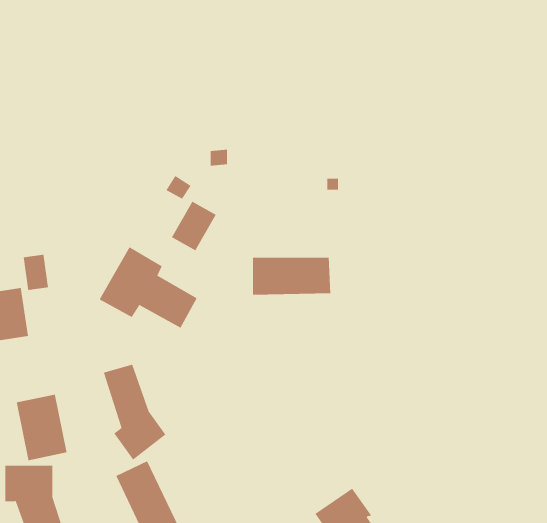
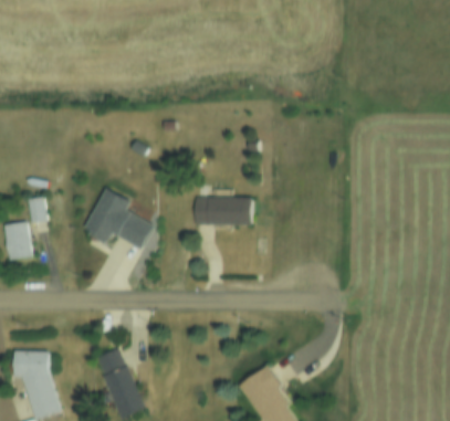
building: [171,201,216,251] -> none
building: [103,364,166,460] -> none
building: [16,394,67,461] -> none

